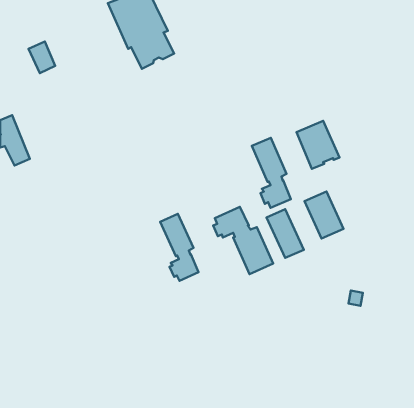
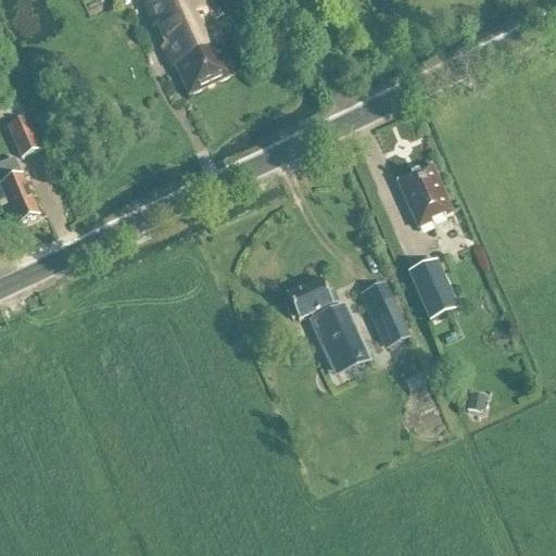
building: [28,41,55,73] -> [8,114,43,156]
building: [252,138,291,208] -> none
building: [160,214,199,281] -> none

